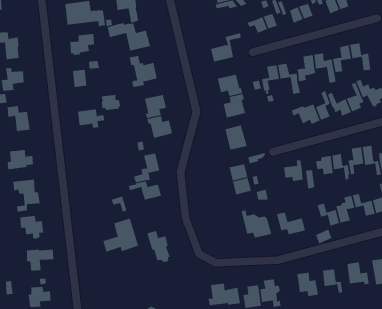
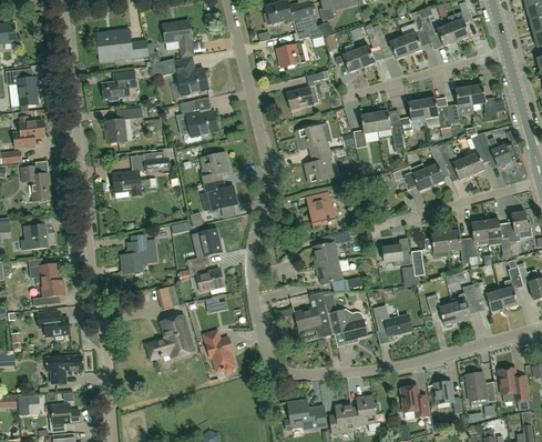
building: none -> [277,42,306,67]
building: none -> [122,240,157,272]
building: none -> [294,291,330,333]

